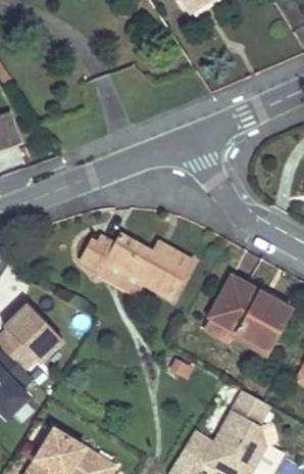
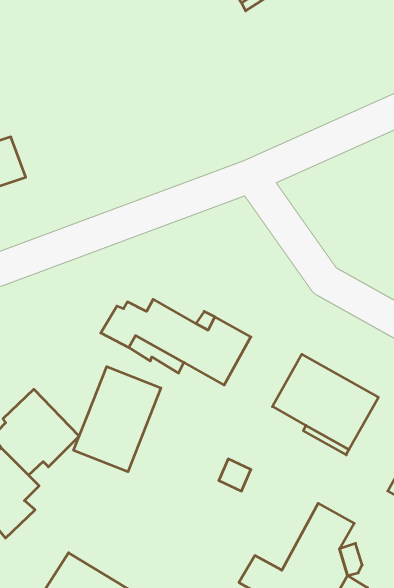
building: none -> [74,367,161,472]

